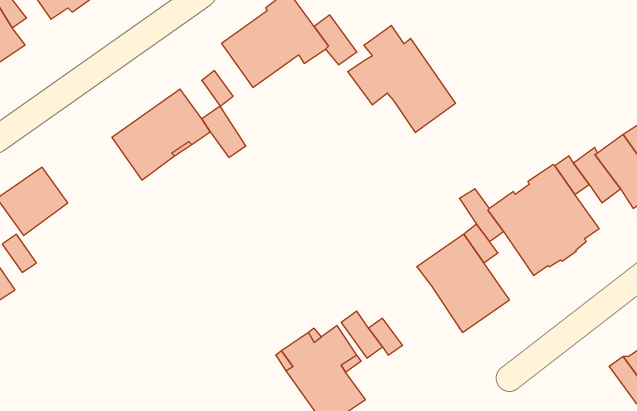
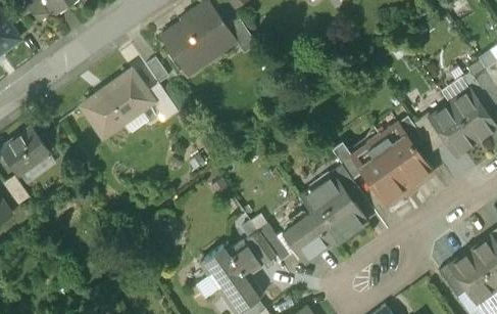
building: [348,25,456,133] -> none
building: none -> [282,213,331,263]

